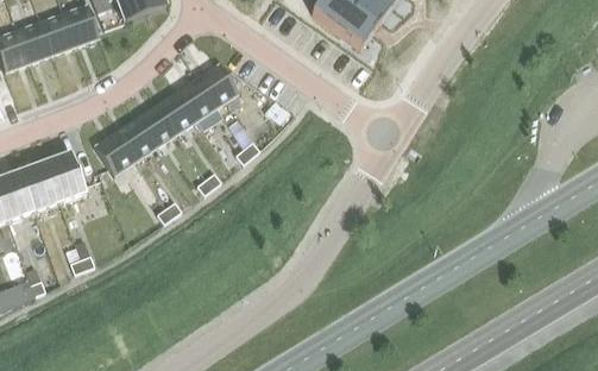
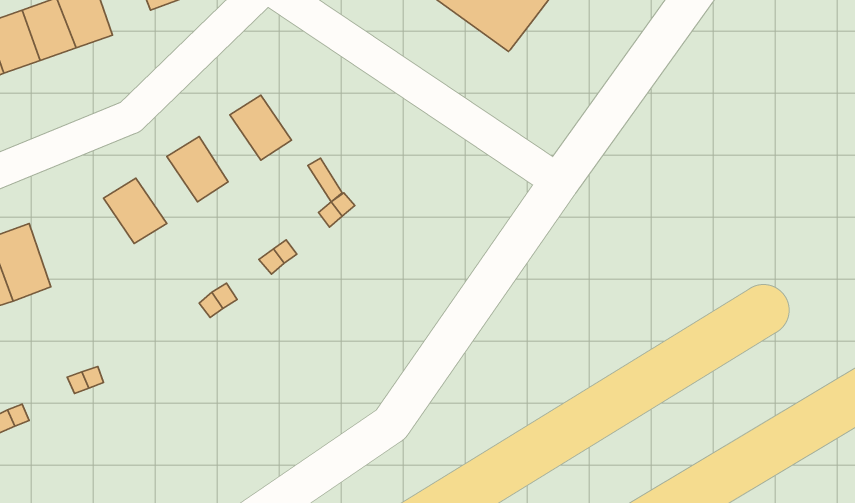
building: [196,62,238,106] -> none
building: [156,89,196,133] -> none
building: [114,117,155,161] -> none
building: [44,151,84,202] -> none

